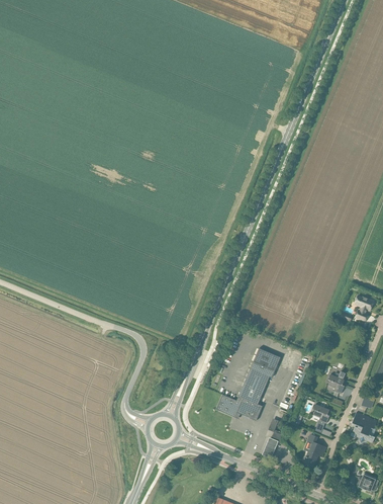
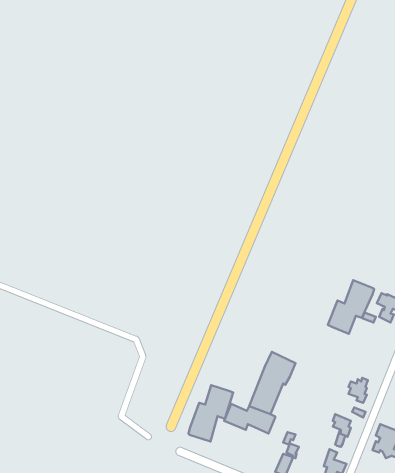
building: none -> [328,280,374,334]
building: none -> [188,385,233,441]

